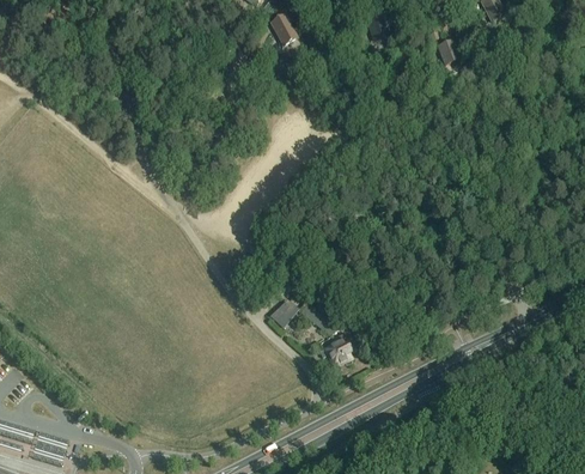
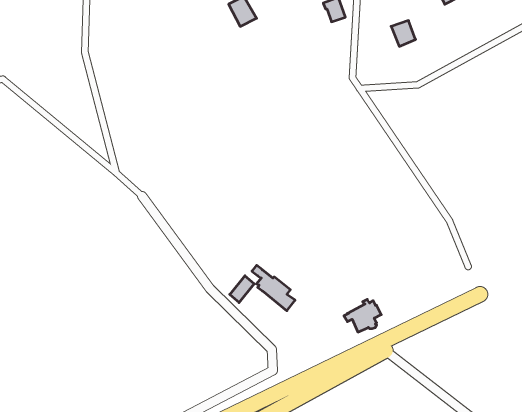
building: [319,335,358,369] -> [344,299,381,332]

